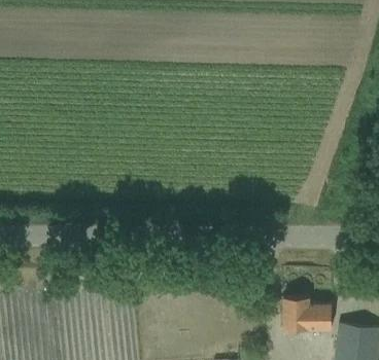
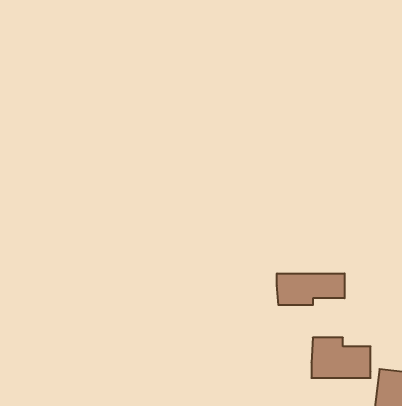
building: none -> [277,273,345,305]

